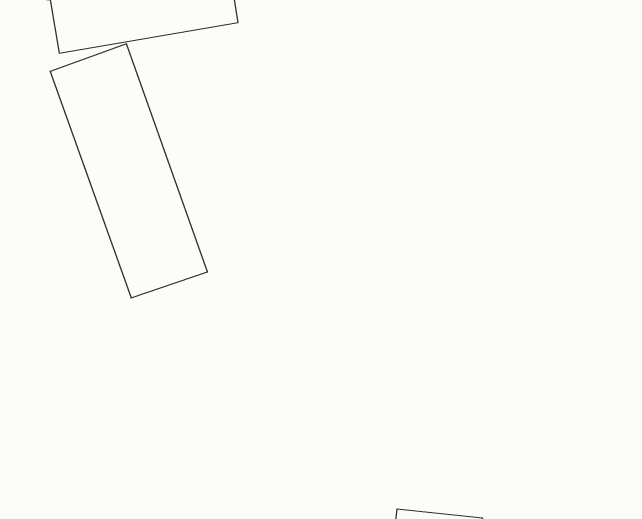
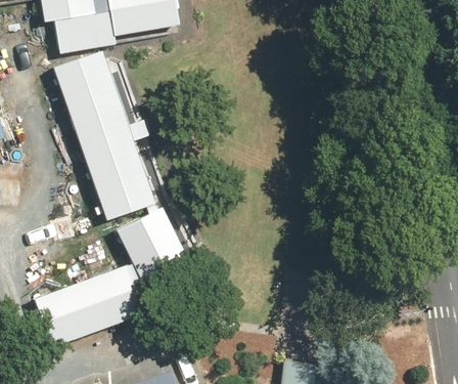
building: none -> [118,207,190,282]
building: none -> [35,264,145,345]

